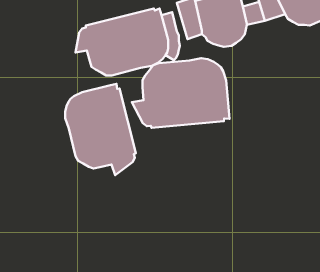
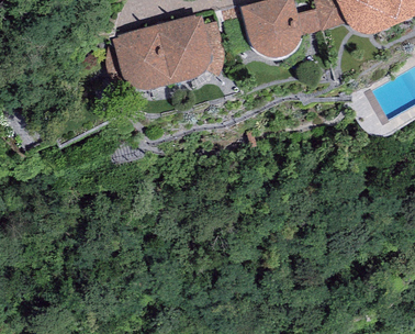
building: [132,58,229,128] -> none
building: [65,84,136,175] -> none

